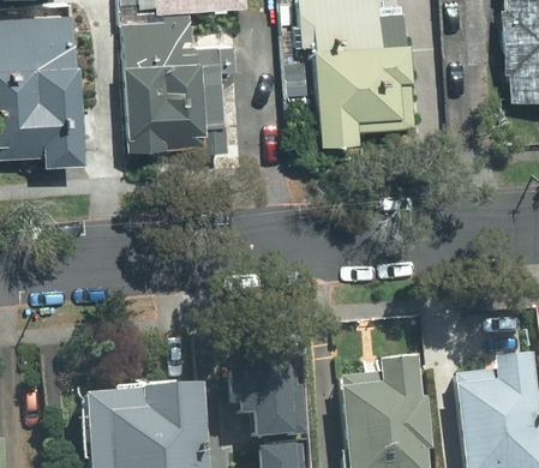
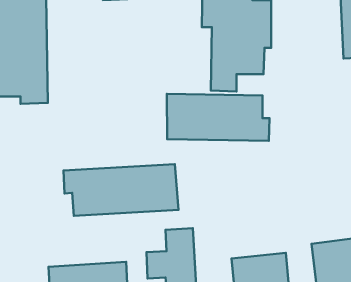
building: [119,22,235,157] -> none
building: none -> [167,94,270,141]
building: none -> [63,164,178,216]

